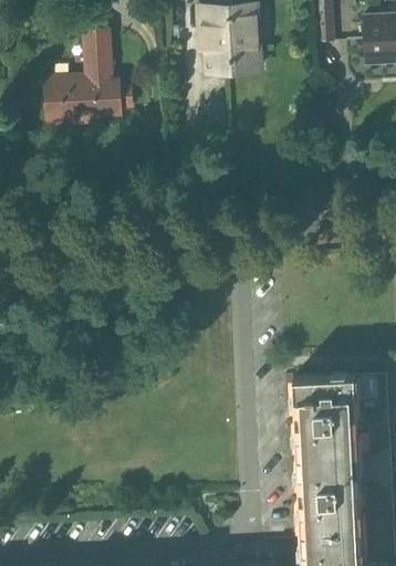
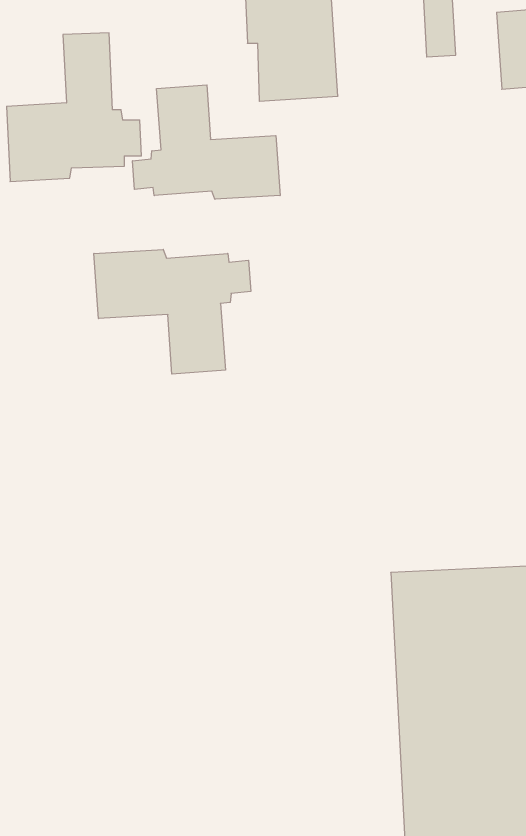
building: none -> [133,85,280,199]
building: none -> [94,249,251,374]

